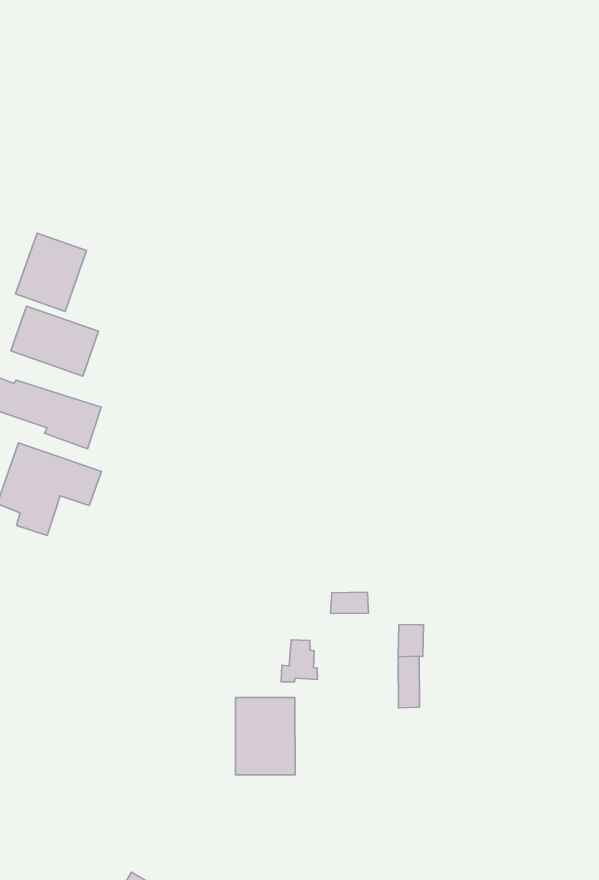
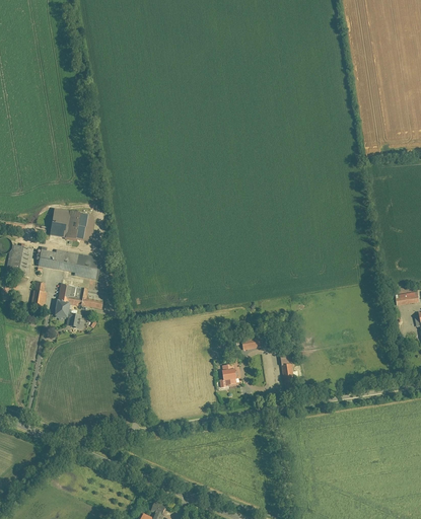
building: [16,233,87,311] -> none
building: [236,697,295,775] -> none

